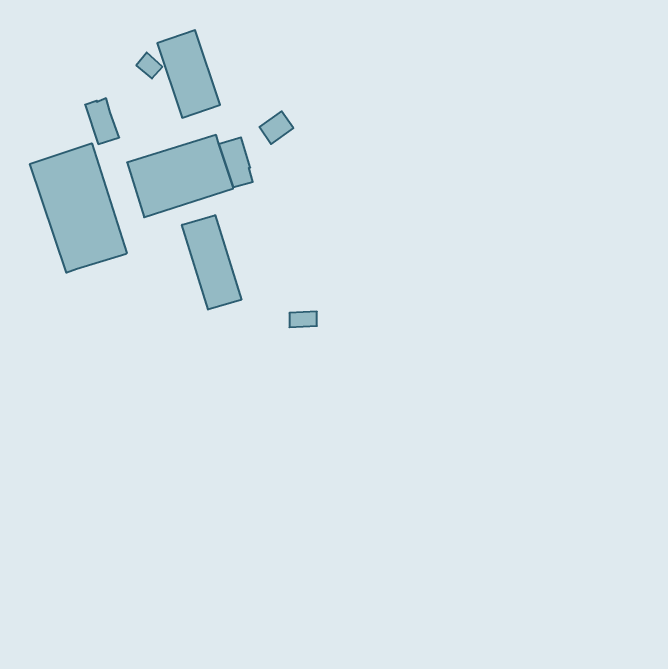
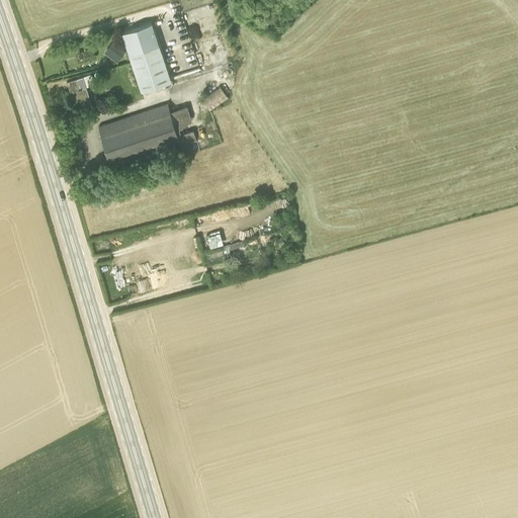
building: [30,143,127,273] -> none
building: [182,215,241,310] -> none

